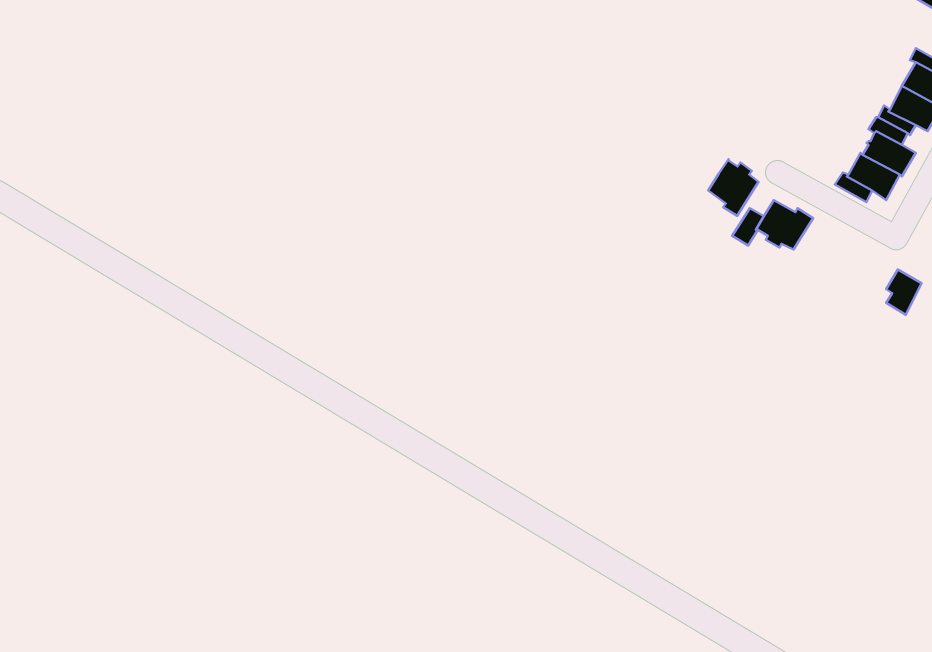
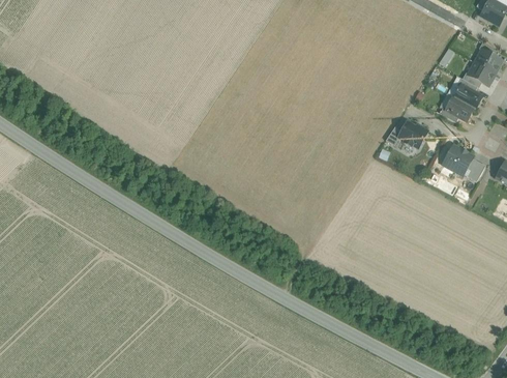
building: [708,159,758,216] -> none
building: none -> [445,145,474,175]

